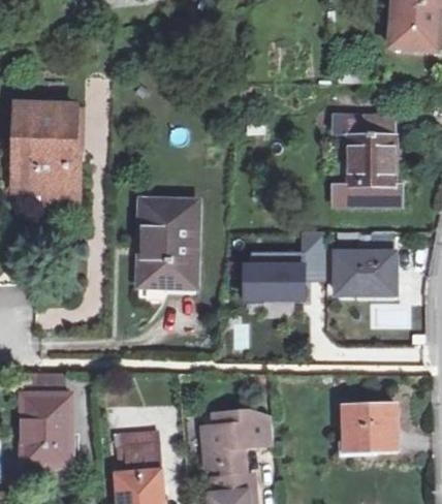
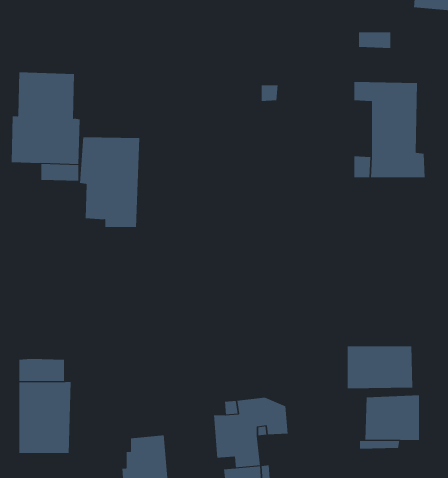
building: [139,201,196,286] -> [79,137,140,228]
building: [244,231,324,304] -> none
building: [335,253,397,293] -> [347,346,413,389]

